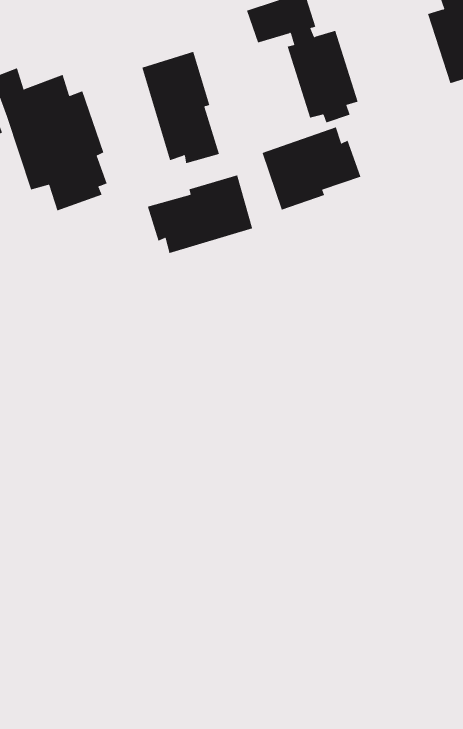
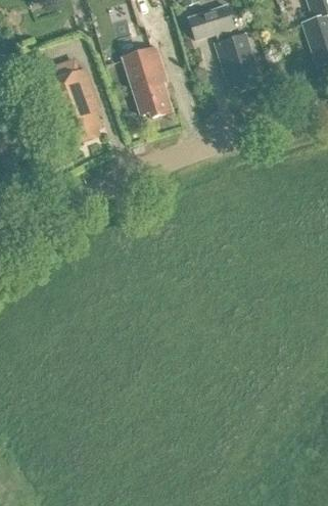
building: [262,126,361,210] -> none
building: [147,175,253,254] -> none

